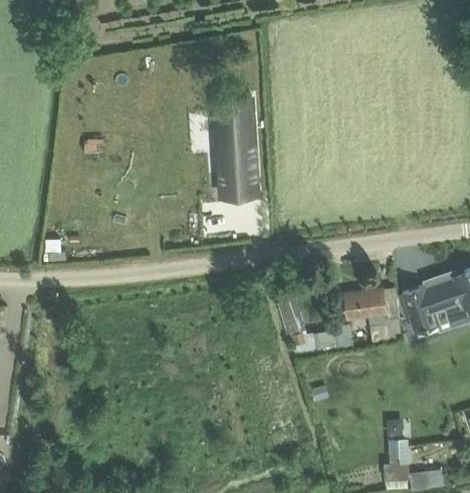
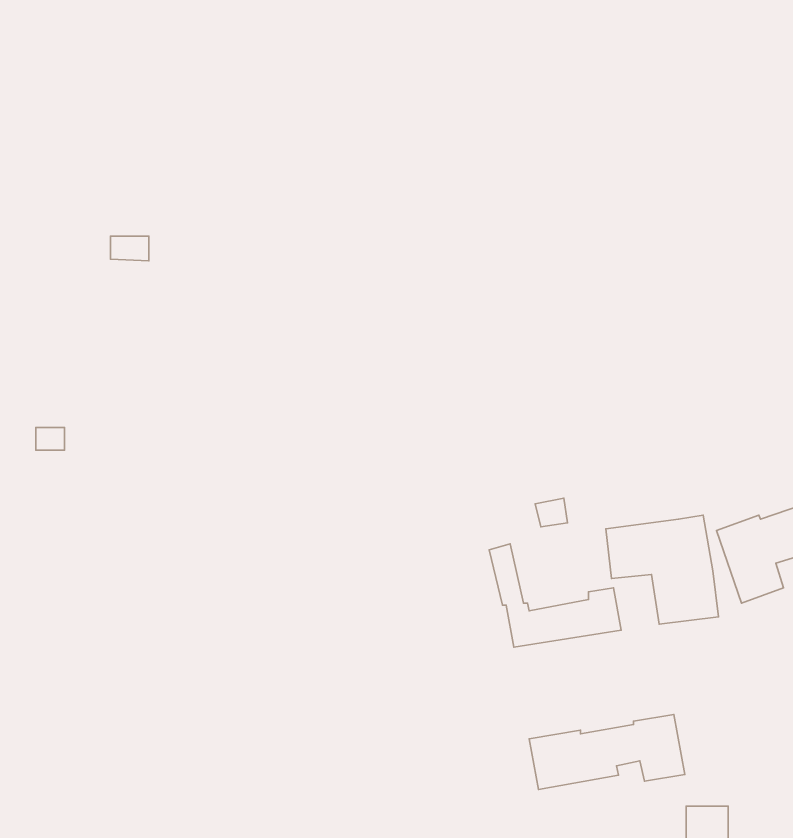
building: [214,97,256,197] -> none
building: none -> [529,715,685,789]

